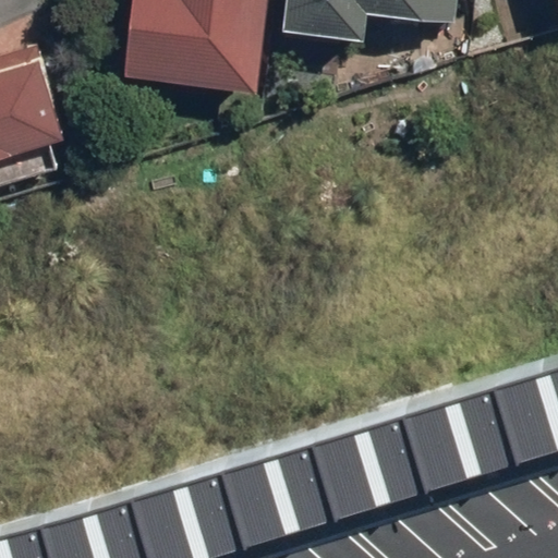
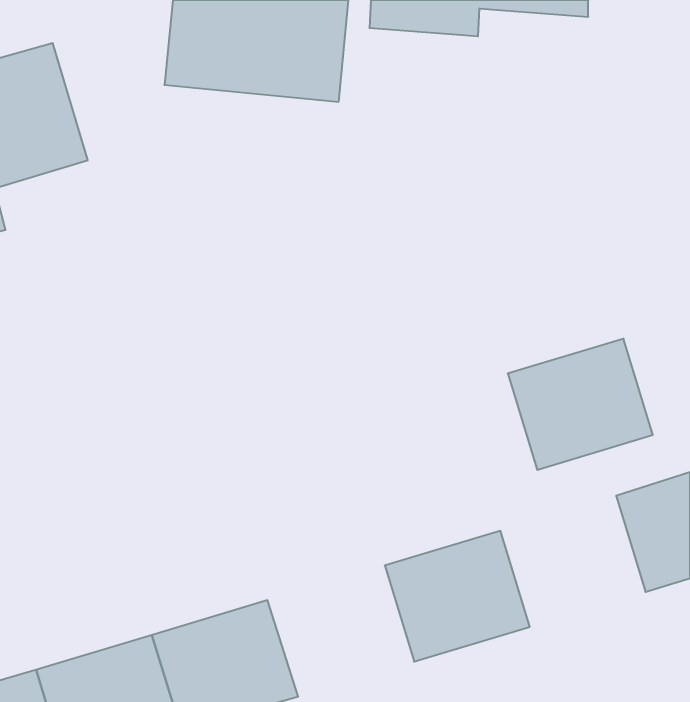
building: [391,396,505,498] -> [508,339,653,470]
building: [209,450,324,553] -> none

